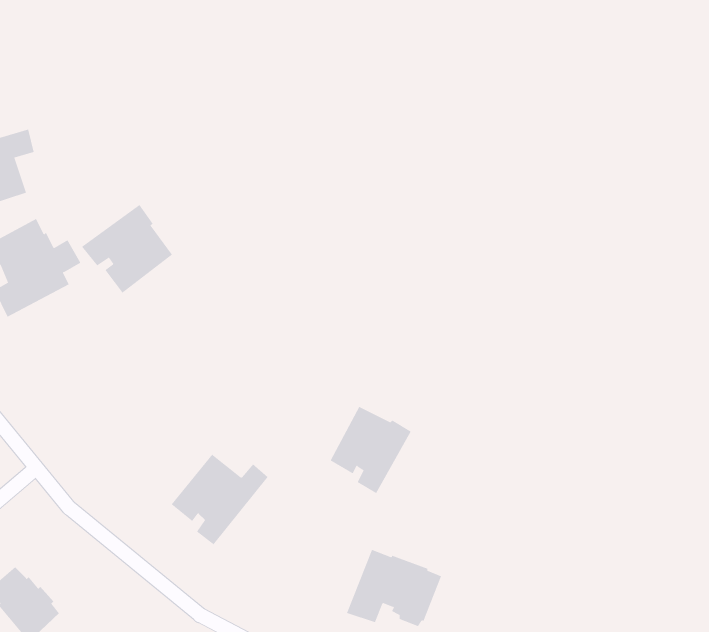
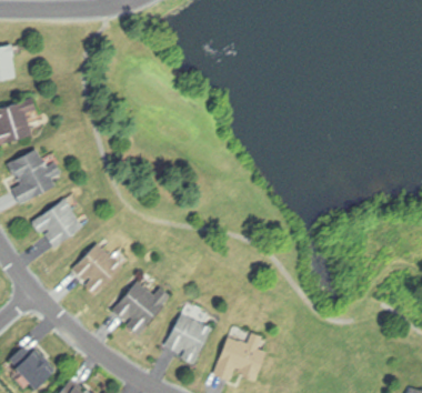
building: [81,204,173,294] -> [30,198,82,249]
building: none -> [70,243,122,295]
building: [330,406,412,494] -> [164,314,211,364]

